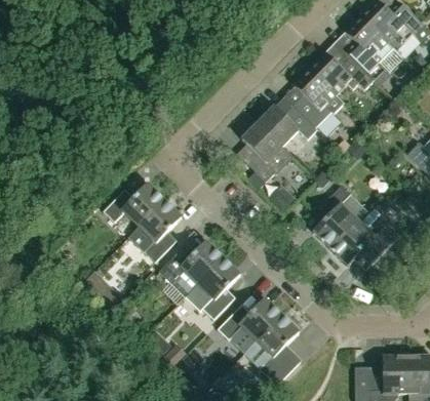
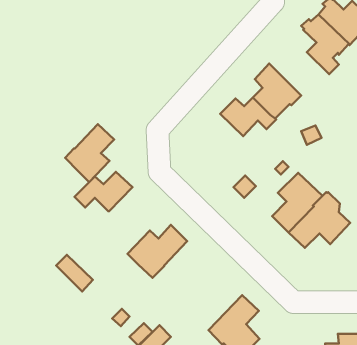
building: [310,53,374,95] -> none
building: [242,123,292,183] -> none
building: [129,201,182,263] -> [65,124,114,182]
building: [198,258,240,320] -> none
building: [218,298,281,353] -> none

